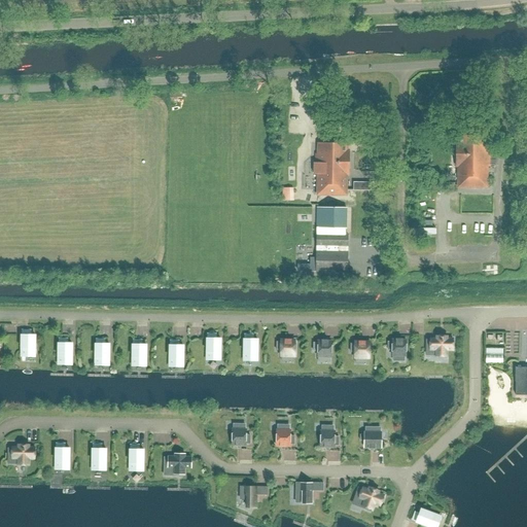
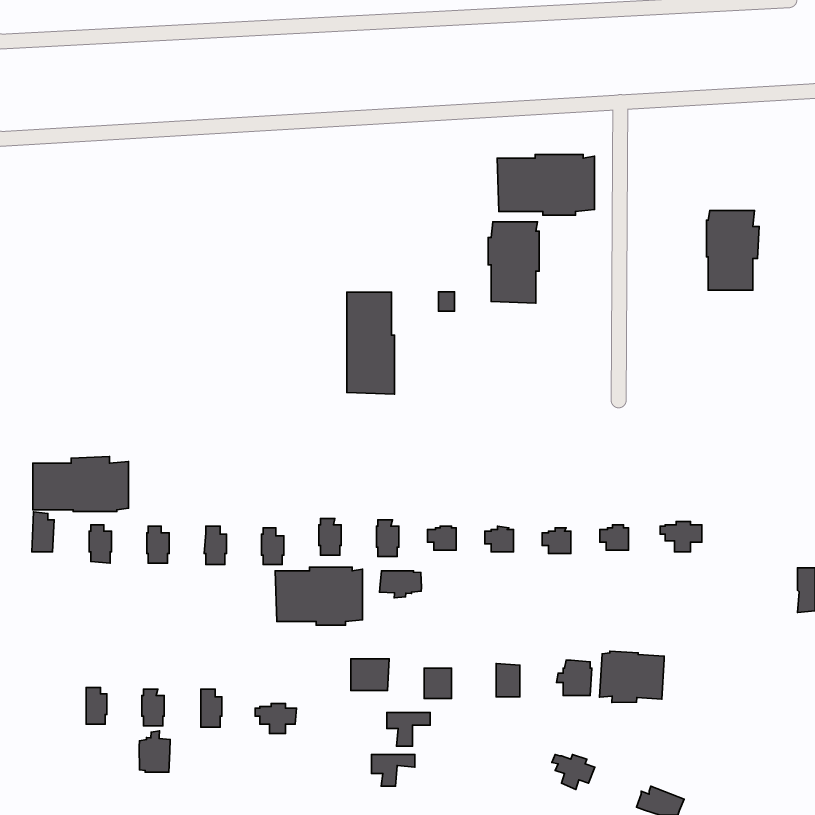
building: none -> [497,154,595,215]
building: [316,208,347,274] -> [347,292,395,394]
building: none -> [33,457,128,512]
building: none -> [275,567,363,625]
building: none -> [380,571,421,598]
building: none -> [600,651,664,702]
building: [7,444,36,465] -> none
building: none -> [139,731,170,772]
building: [295,485,323,506] -> [387,713,430,746]

